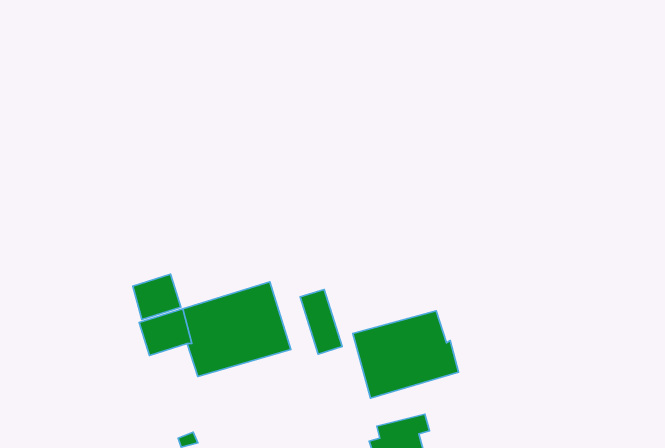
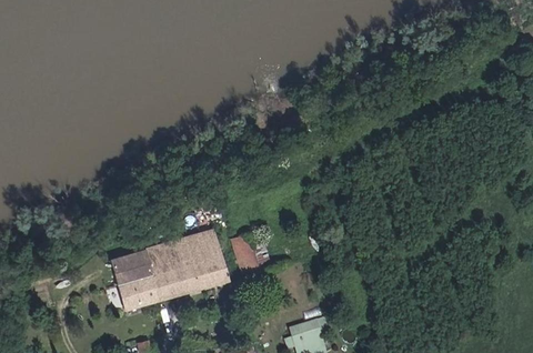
building: [133,274,181,319] -> [121,274,157,307]
building: [353,311,458,398] -> none

